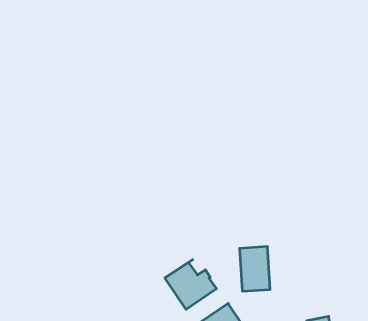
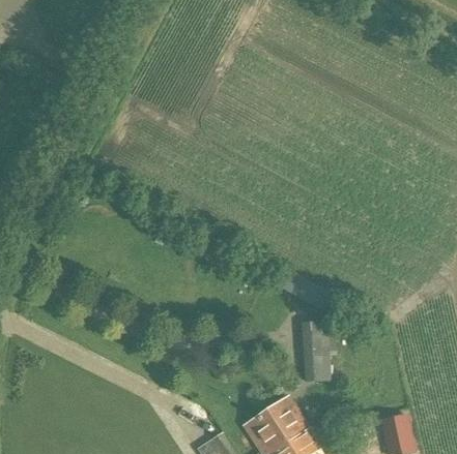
building: [165,260,216,309] -> none

